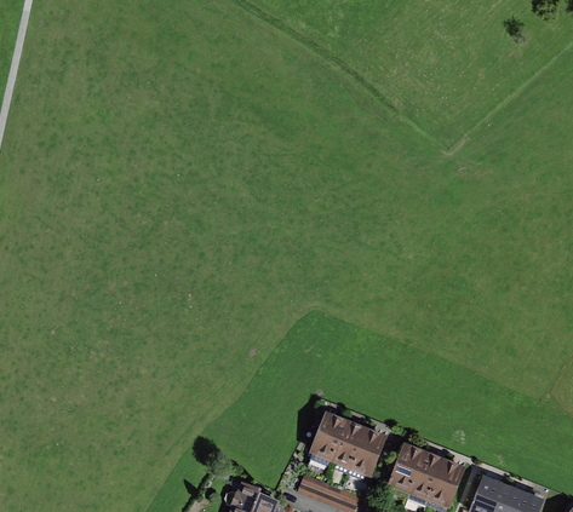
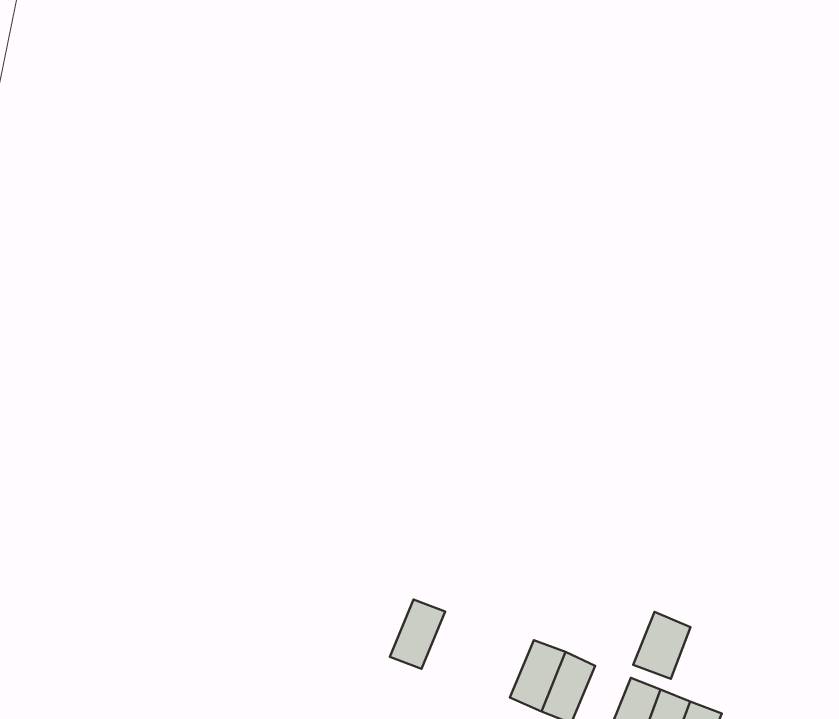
building: none -> [633,612,691,679]
building: [310,418,344,460] -> [390,600,445,669]

